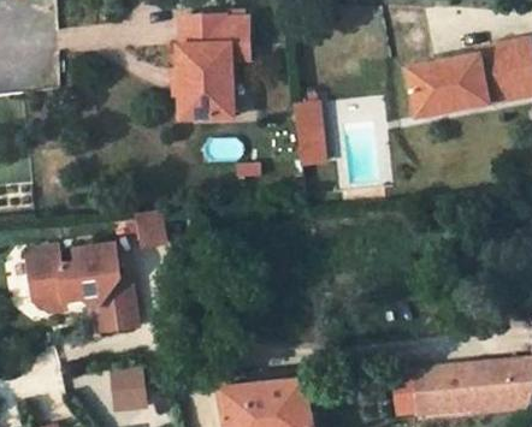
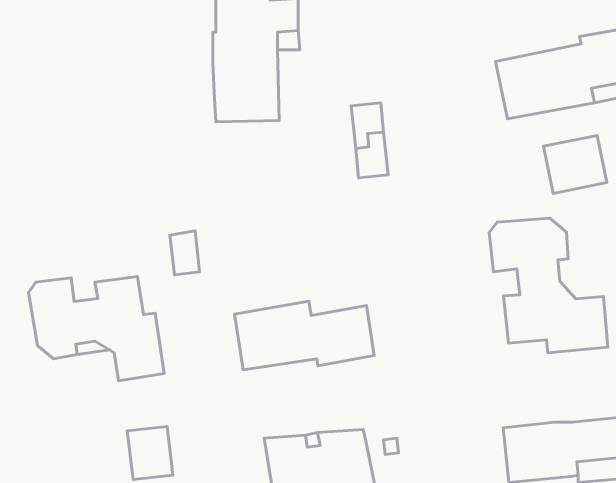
building: none -> [543,135,607,193]
building: none -> [489,218,608,353]
building: none -> [235,301,374,370]

